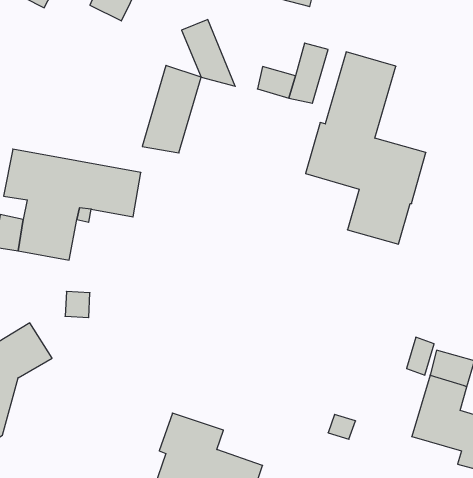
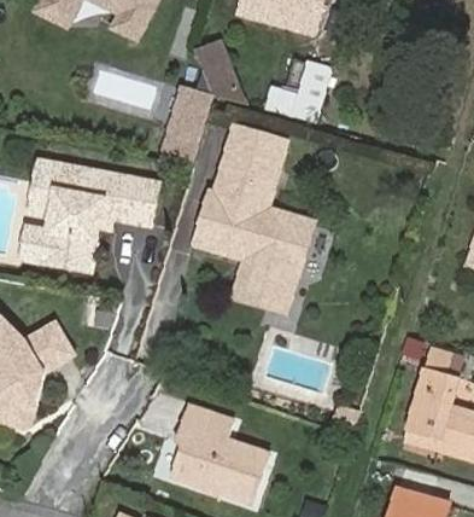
building: [306,52,426,244] -> [197,129,308,307]

